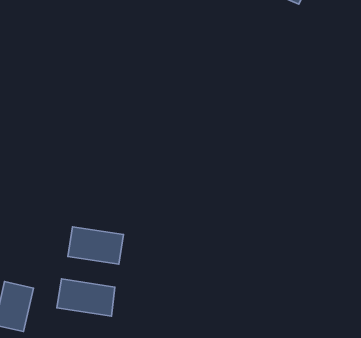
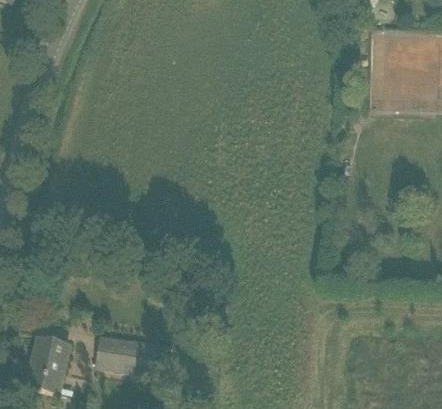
building: [68,227,124,264] -> none

